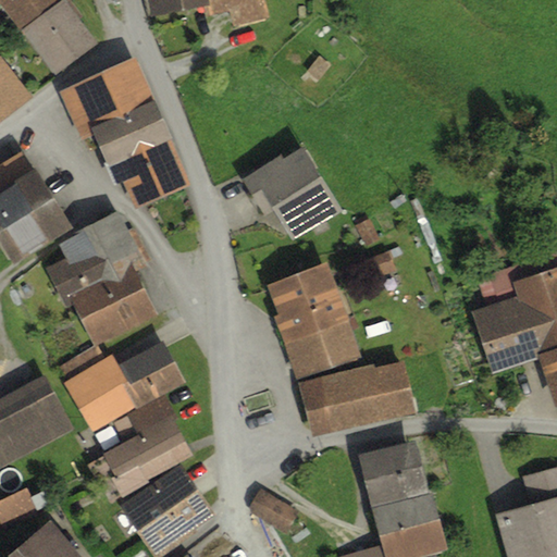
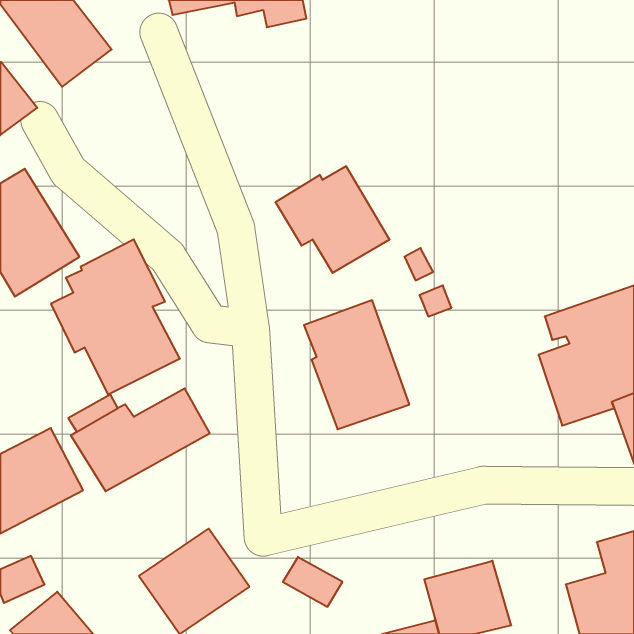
building: [60,59,190,208] -> none
building: [296,360,417,440] -> none
building: [89,399,195,505] -> none
building: [358,440,429,508] -> none

